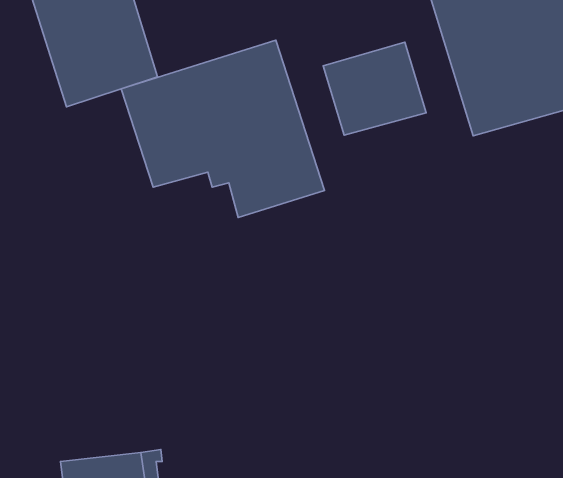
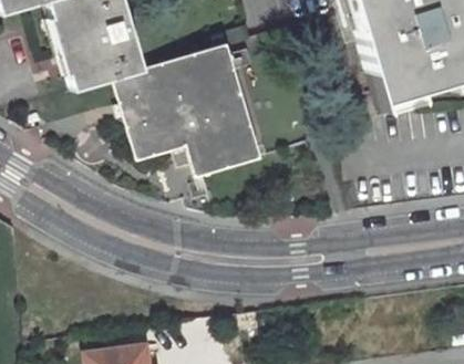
building: [323,42,426,135] -> none

